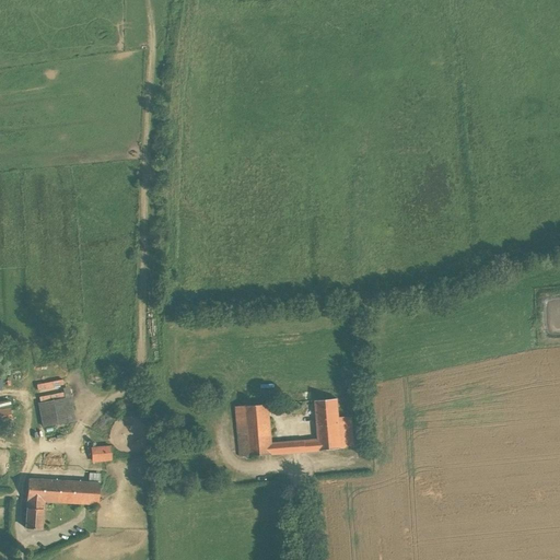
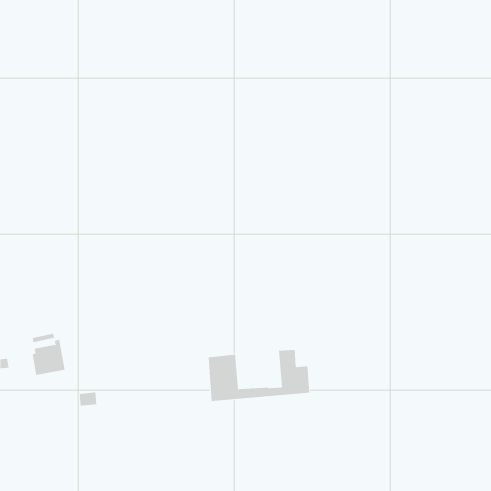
building: [25,478,98,528] -> none

